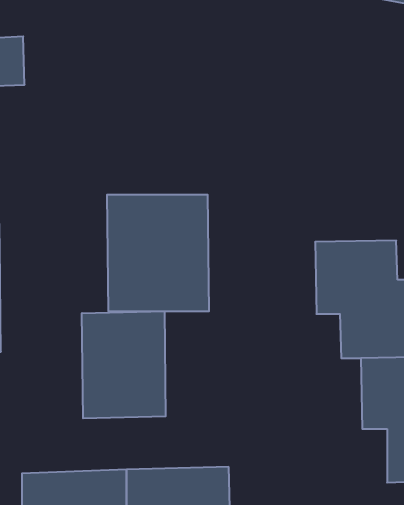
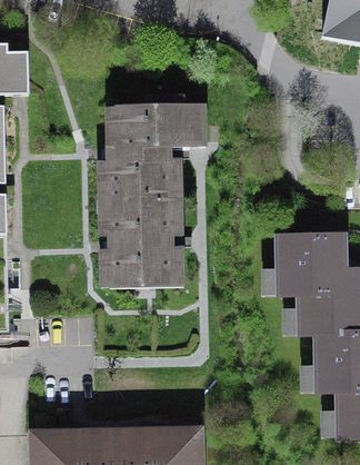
building: none -> [98,108,207,192]
building: [82,311,166,418] -> none

